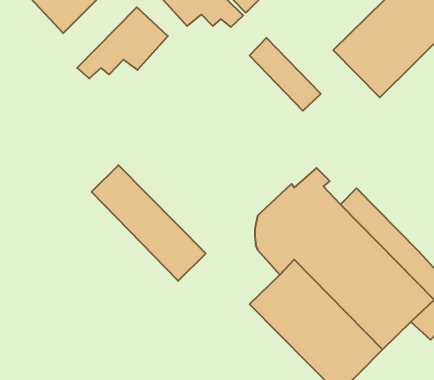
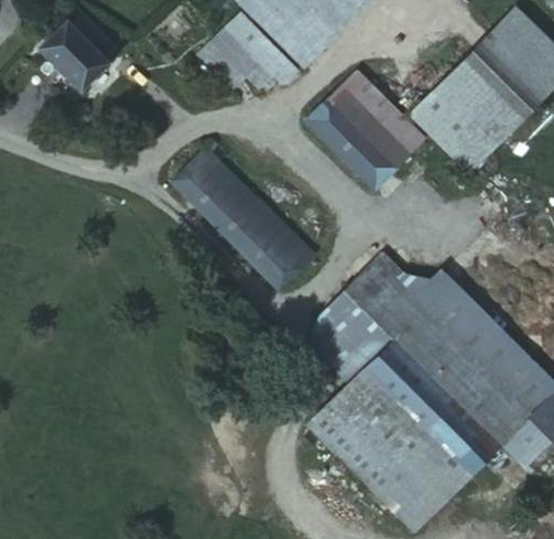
building: [77,7,168,79] -> none
building: none -> [329,69,425,166]
building: [92,165,206,281] -> [173,147,313,289]

